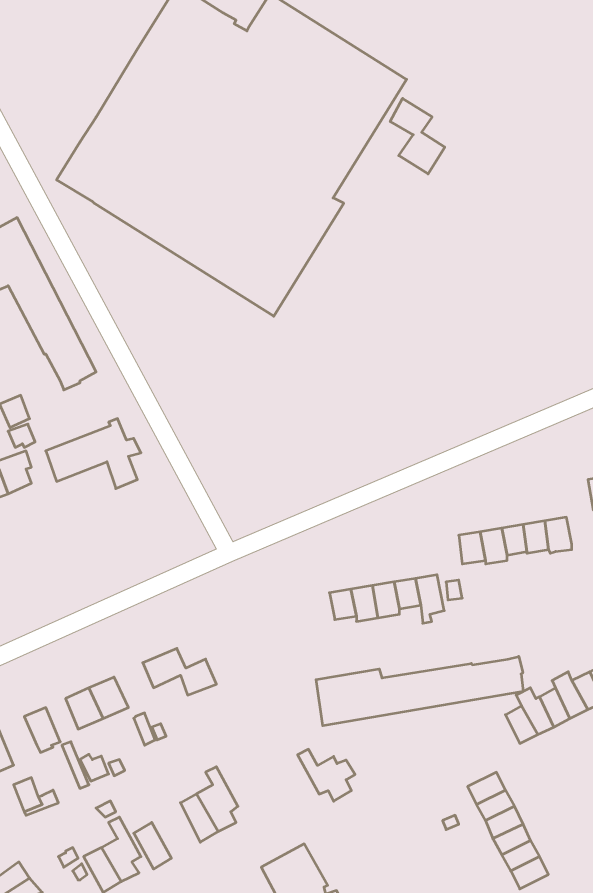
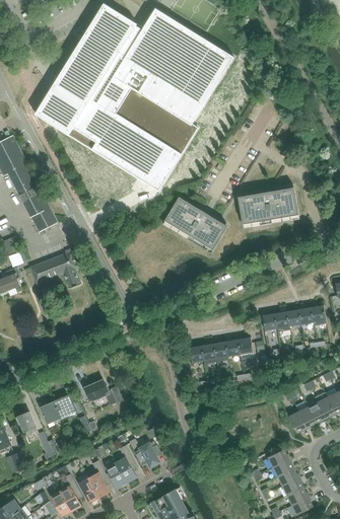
building: [390,98,445,174] -> none
building: none -> [237,187,298,226]
building: none -> [164,197,227,249]
building: [316,656,523,726] -> none
building: [298,749,355,801] -> [129,438,161,467]
building: none -> [88,459,111,497]

